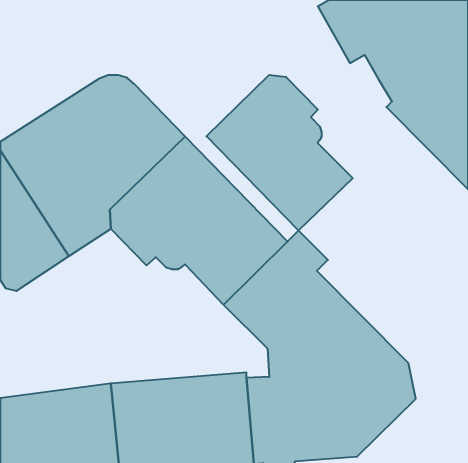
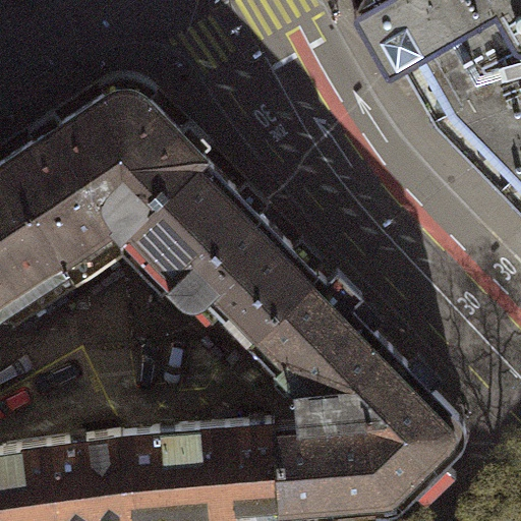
building: [206,75,353,231] -> none

